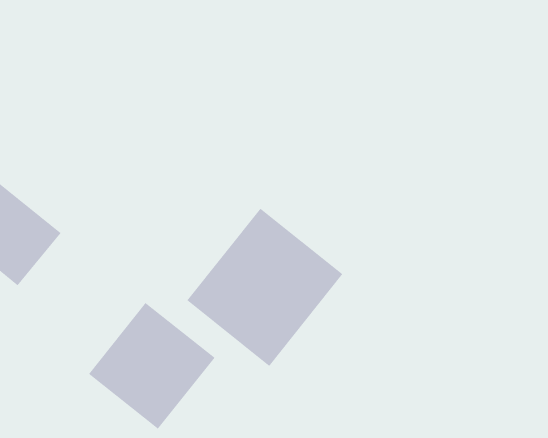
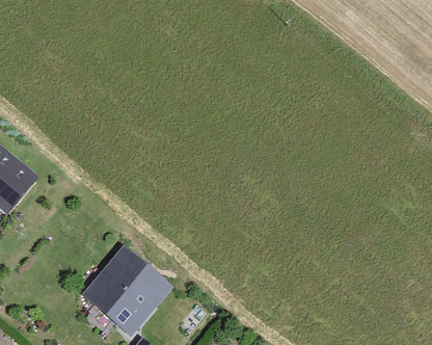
building: [187,208,343,367] -> none

